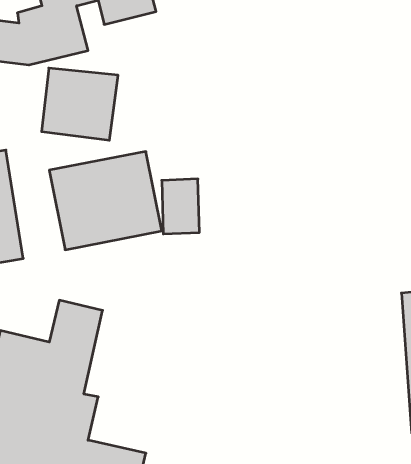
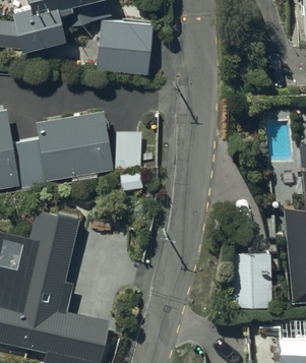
building: [42,68,118,140] -> [99,22,152,73]
building: none -> [232,253,271,309]

